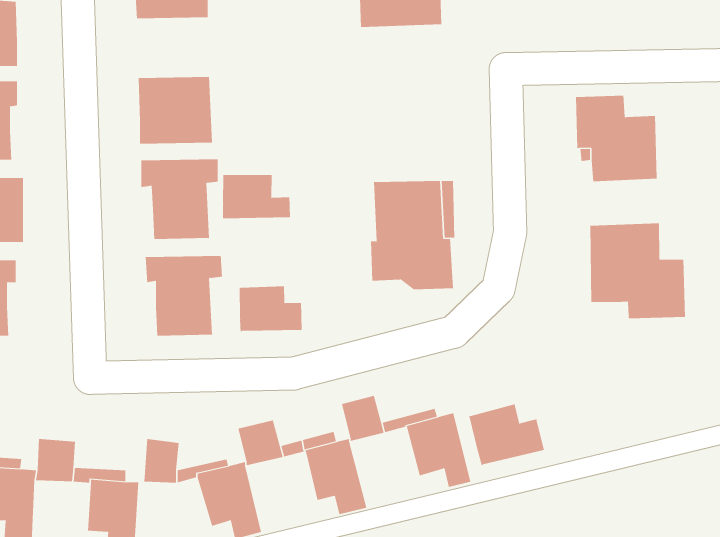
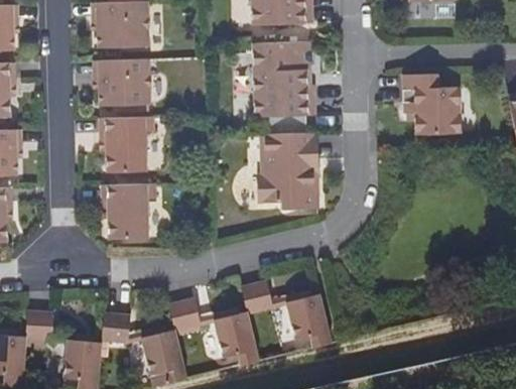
building: none -> [97,18,148,51]
building: none -> [253,39,315,116]
building: [223,174,290,219] -> none
building: [590,223,685,319] -> none
building: [239,285,302,332] -> none
building: [468,404,545,466] -> none

